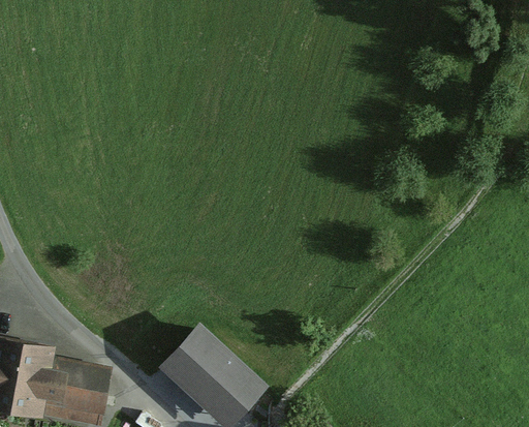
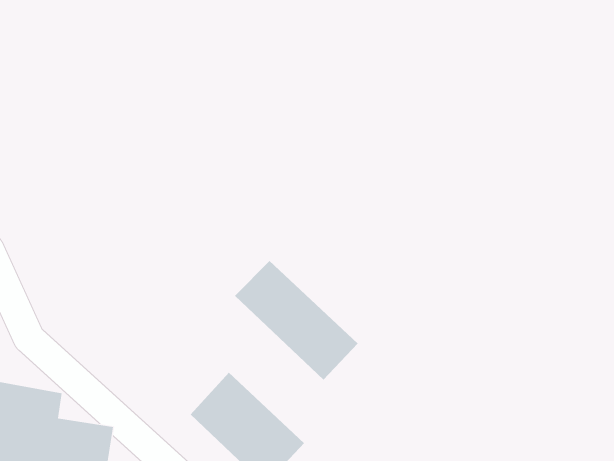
building: none -> [234,260,358,380]

